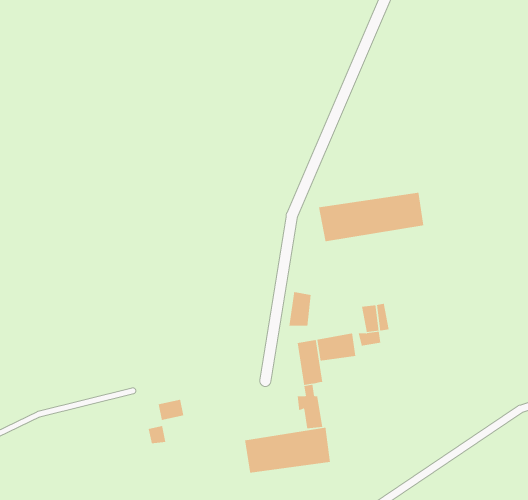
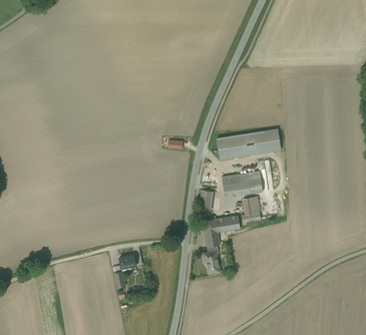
building: none -> [222,172,263,198]
building: [245,427,330,474] -> none

